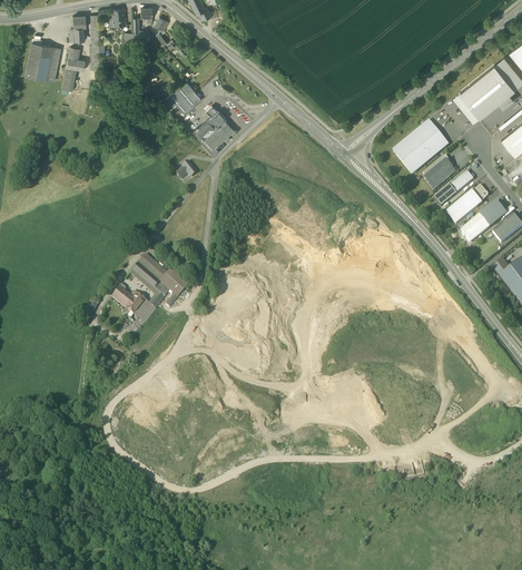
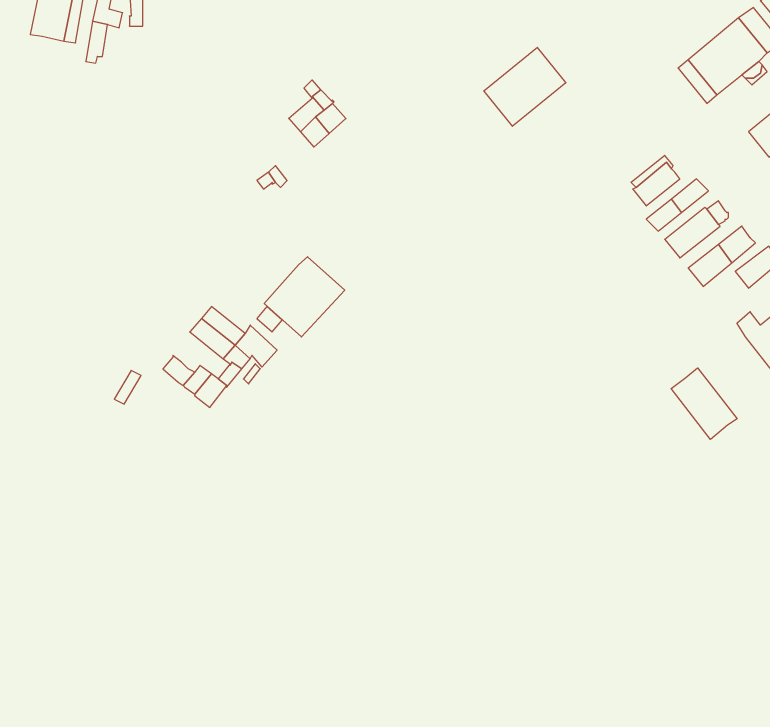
building: [164,81,199,111] -> none
building: [393,120,447,173] -> [484,47,566,126]
building: none -> [264,257,345,337]
building: none -> [671,368,737,439]

